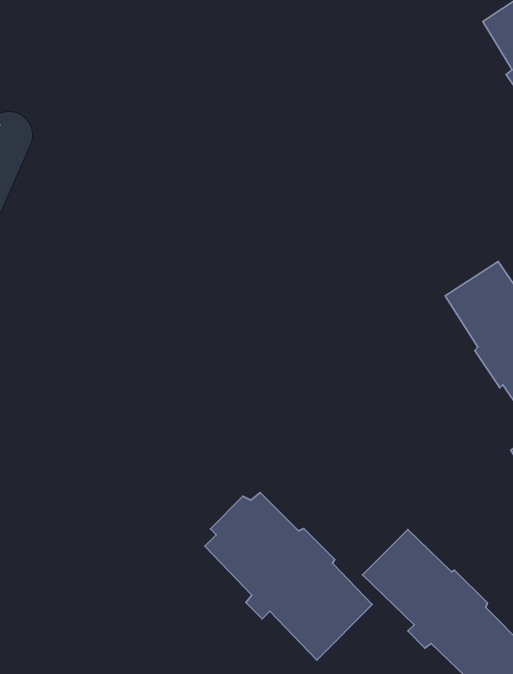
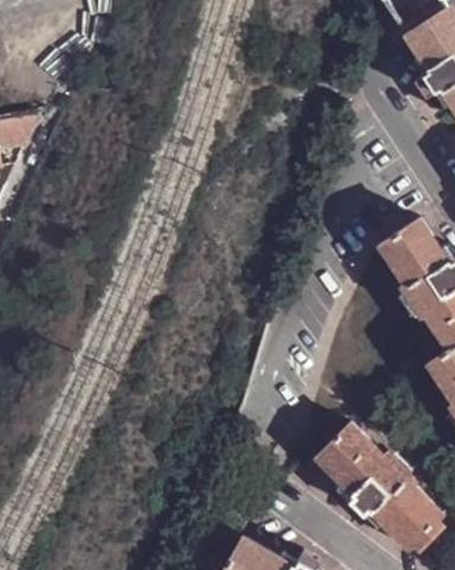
building: [205,492,372,660] -> none

